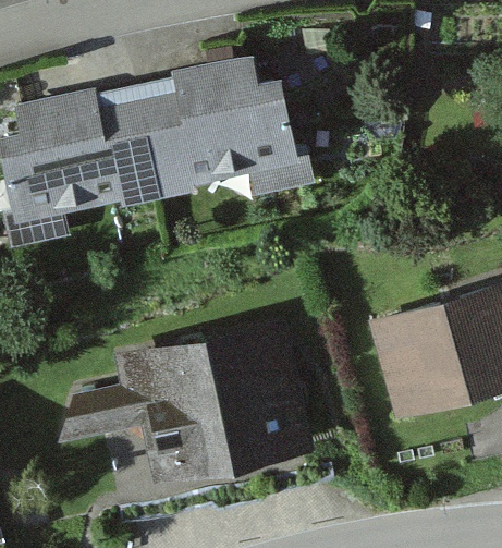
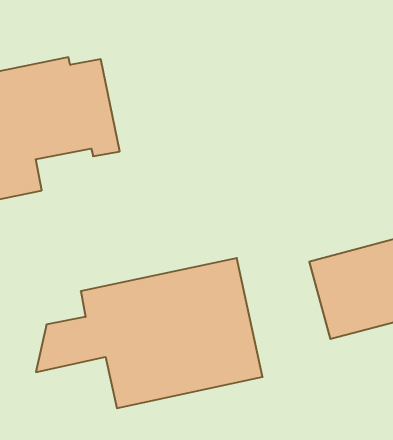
building: [133,60,315,202] -> none

